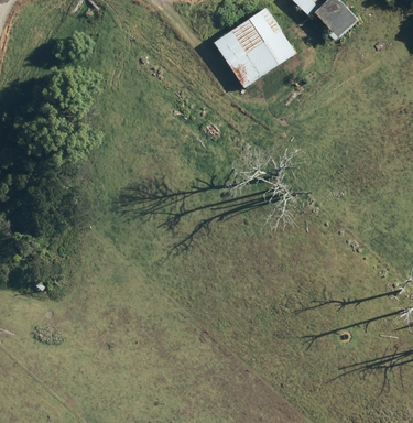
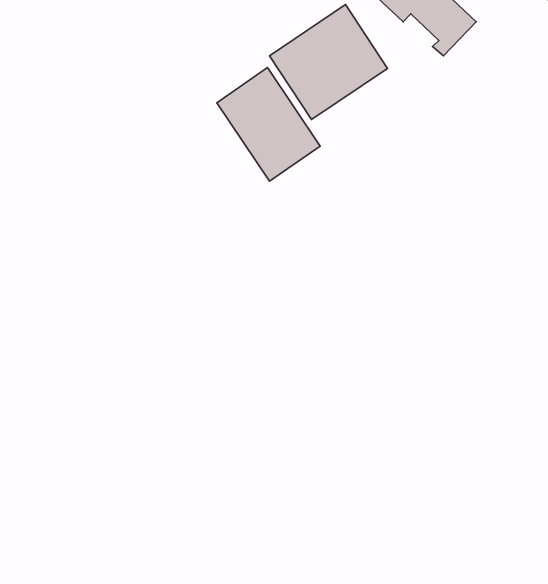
building: none -> [217,68,320,181]

